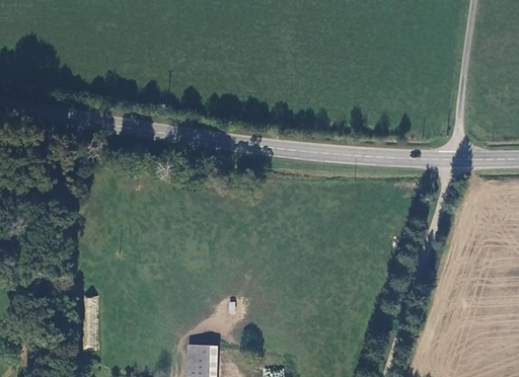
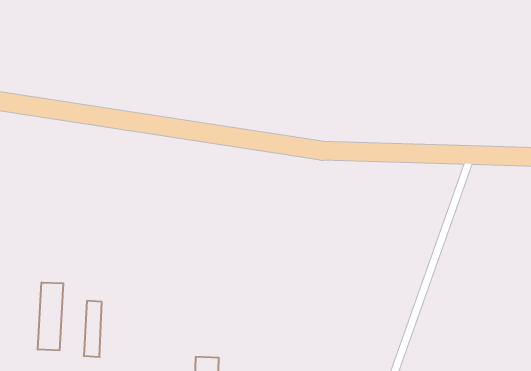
building: none -> [38,282,63,350]

